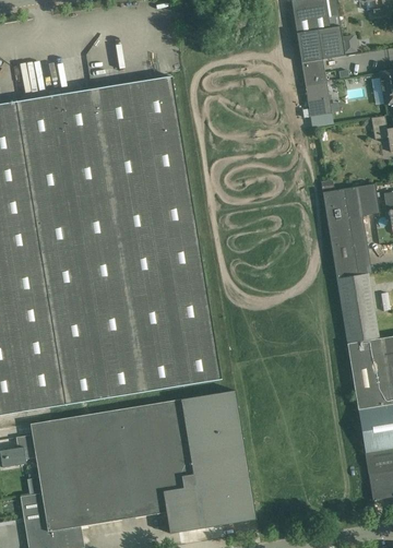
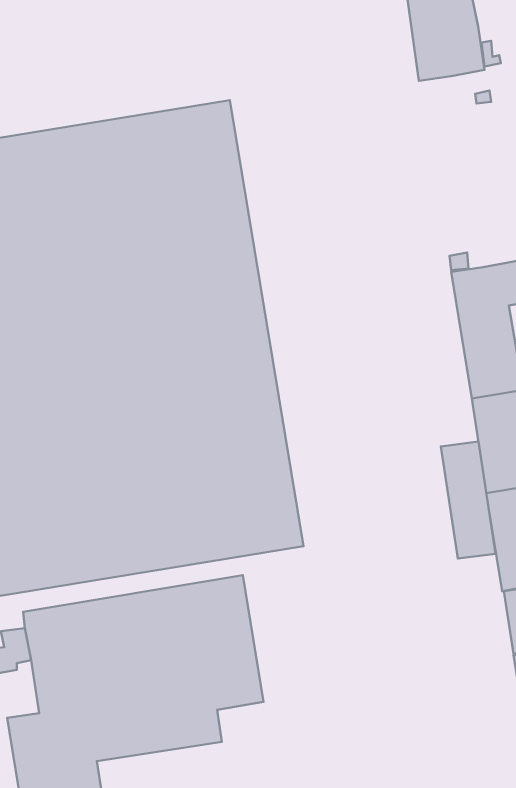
building: [300,59,331,117] -> none
building: none -> [441,442,495,559]
building: [163,390,257,533] -> none

